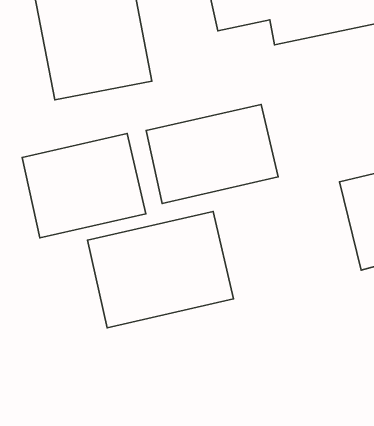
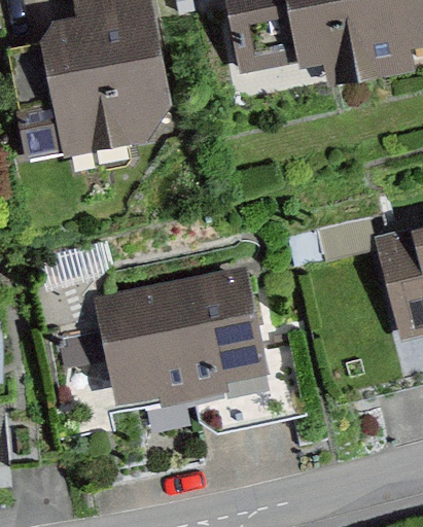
building: [146,104,278,203] -> none
building: [22,134,146,238] -> none

